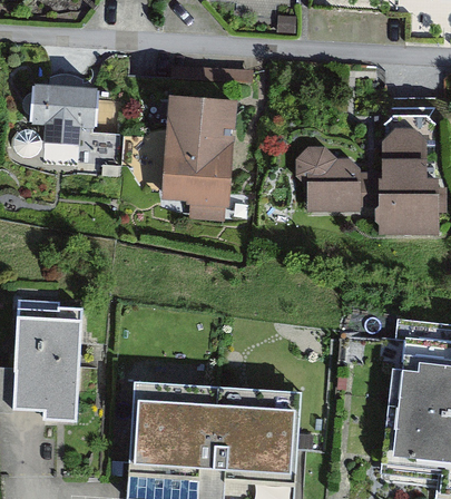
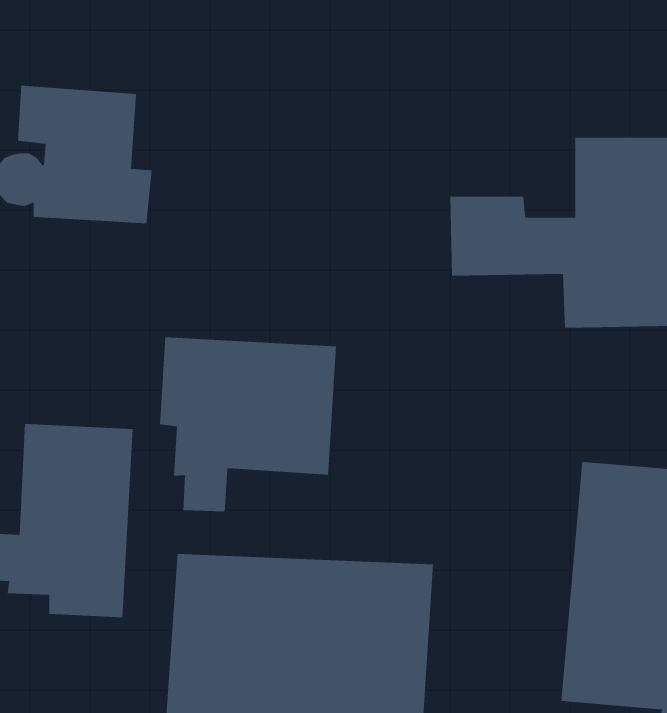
building: [141,96,244,219] -> none
building: none -> [159,337,336,512]

